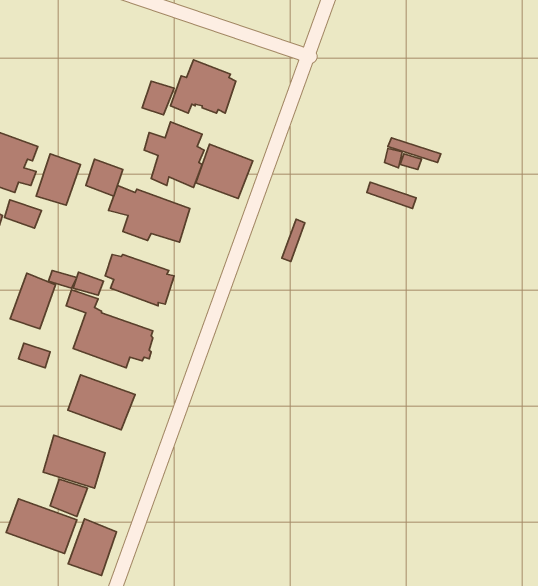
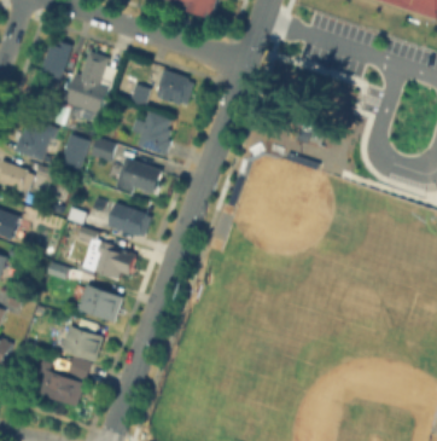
building: none -> [42,41,74,80]
building: none -> [66,54,111,116]
building: [196,144,253,198] -> none
building: [10,273,55,329] -> none
building: [68,519,117,575] -> none

